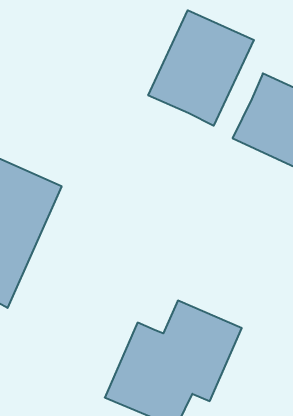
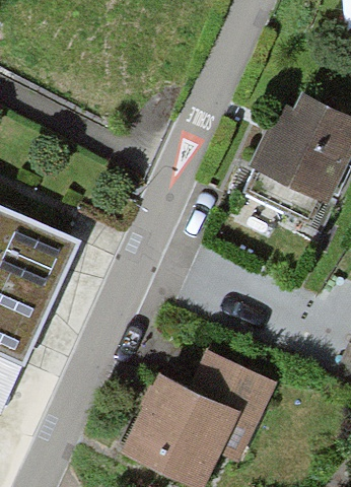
building: [148,10,254,126] -> none

